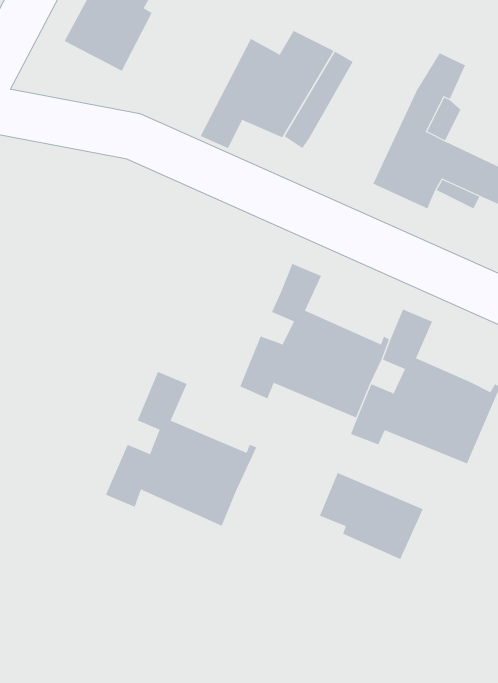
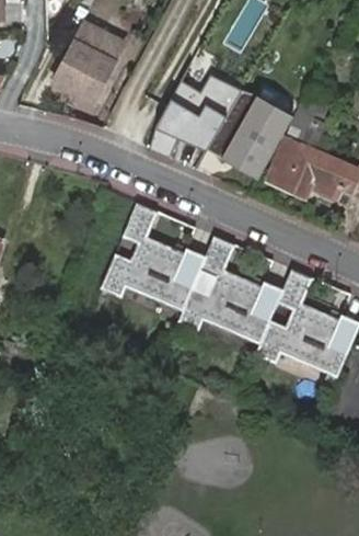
building: none -> [224,95,293,172]
building: [105,371,257,527] -> [100,204,205,311]
building: [319,472,424,560] -> none

